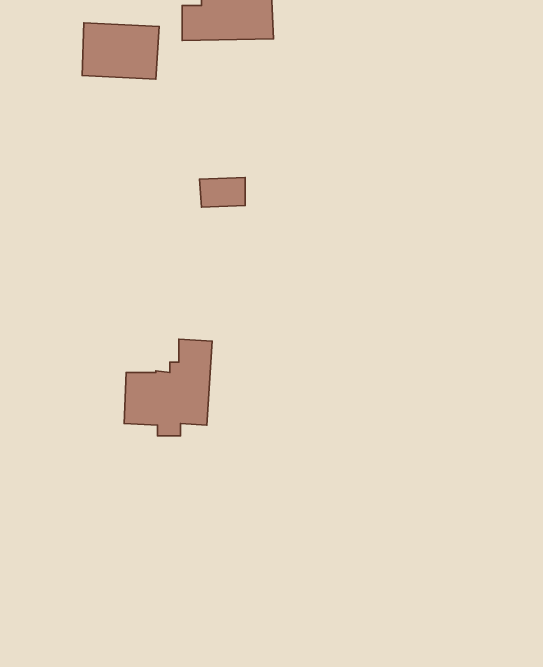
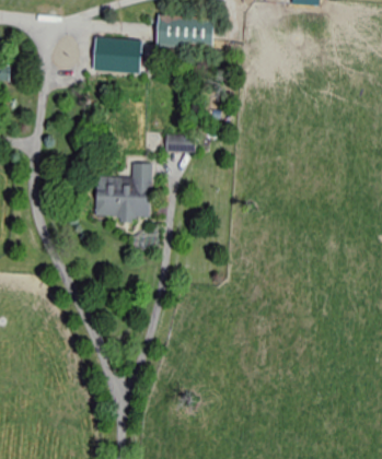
building: [124,339,212,436] -> [97,162,152,222]

